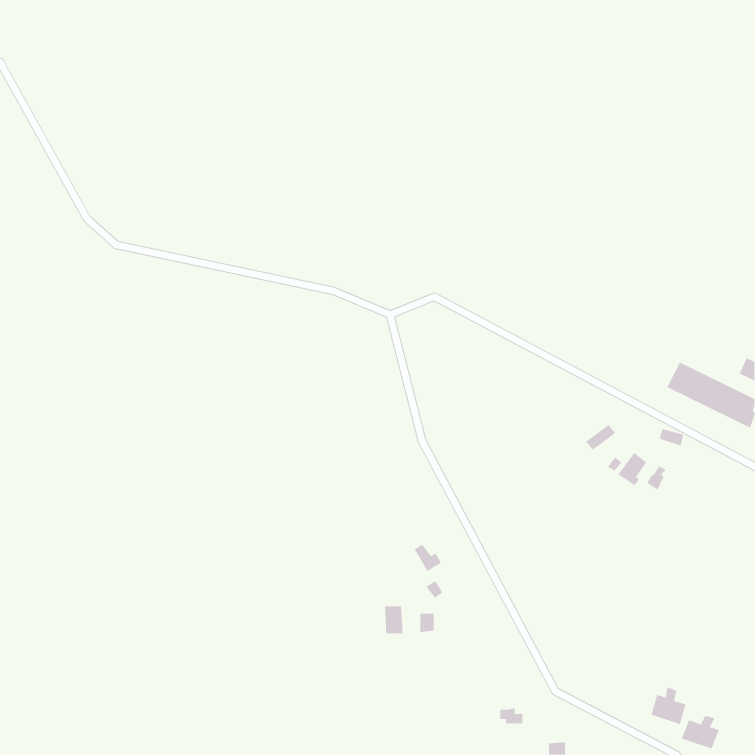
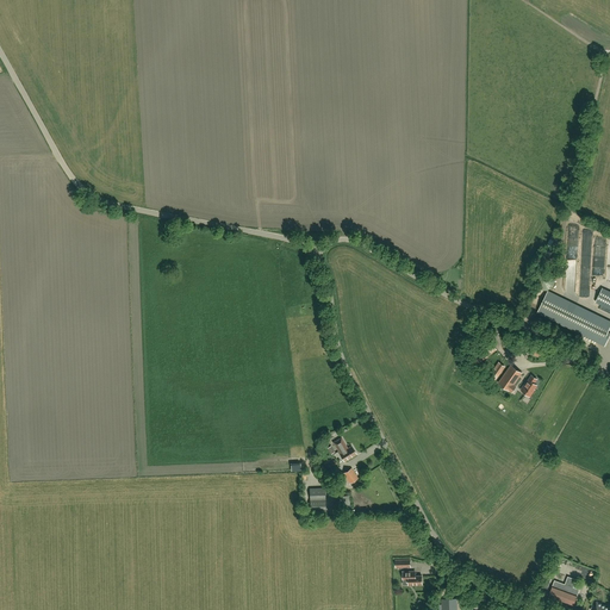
building: [651,687,686,725] -> none

